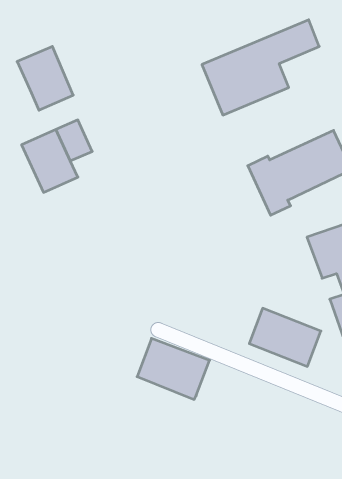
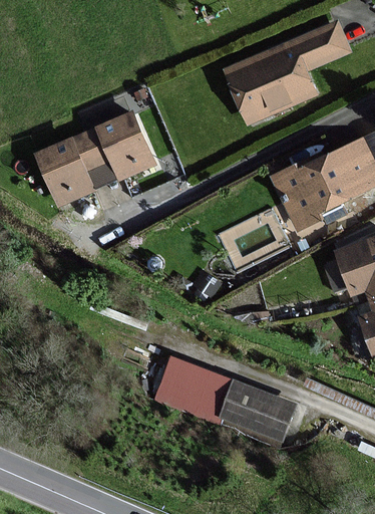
building: [17,46,73,110] -> [94,111,153,179]
building: [249,308,321,366] -> [219,380,294,442]

